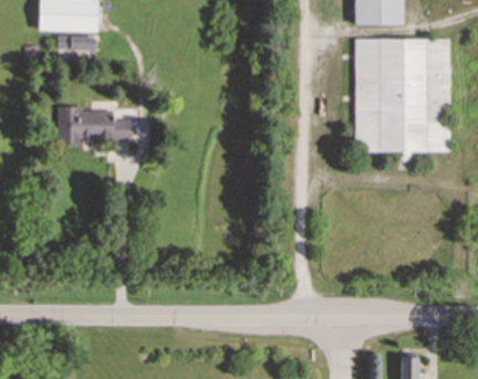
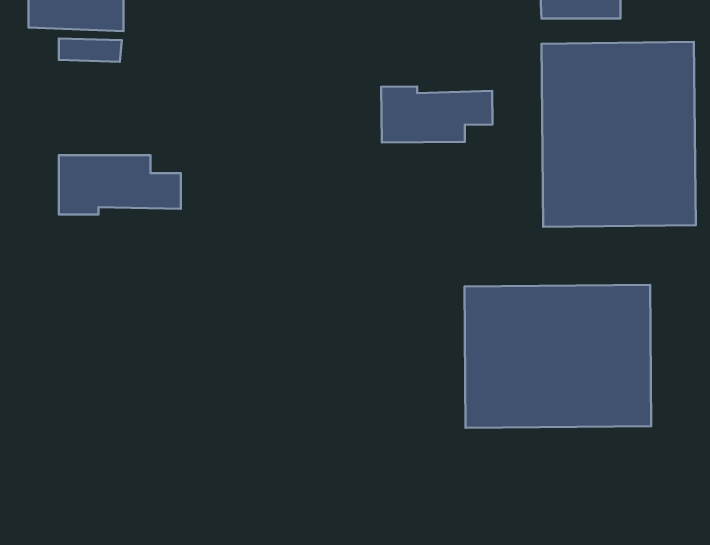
building: none -> [381,86,492,143]
building: none -> [464,285,651,428]

